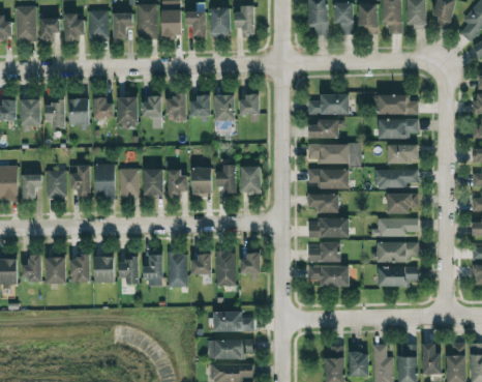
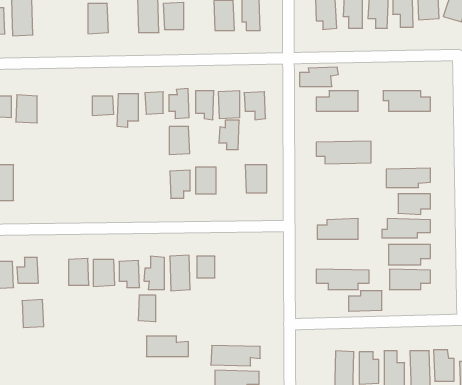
building: [185,11,206,36] -> none
building: [113,12,132,38] -> none
building: [64,13,84,38] -> none
building: [39,18,60,40] -> none
building: [44,98,64,126] -> none
building: [68,98,89,125] -> none
building: [308,119,345,138] -> [300,67,338,86]
building: [379,119,418,139] -> none
building: [387,144,418,161] -> none
building: [94,164,115,198] -> none
building: [70,165,90,197] -> none
building: [216,165,236,193] -> [219,120,239,149]
building: [119,168,139,197] -> none
building: [144,169,163,196] -> [169,127,190,155]
building: [308,169,349,188] -> none
building: [47,170,66,199] -> none
building: [22,174,42,199] -> none
building: [307,194,338,212] -> none
building: [308,242,340,262] -> [349,291,382,311]
building: [216,251,236,286] -> none
building: [240,255,261,280] -> none
building: [46,257,66,284] -> [22,300,44,328]
building: none -> [139,295,155,322]
building: [213,312,253,331] -> [146,336,188,357]

